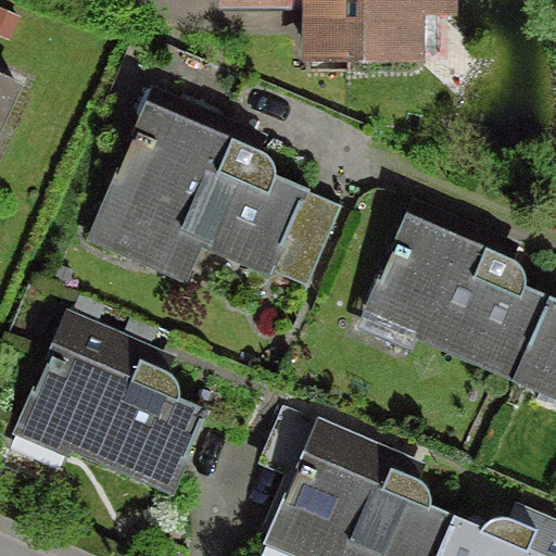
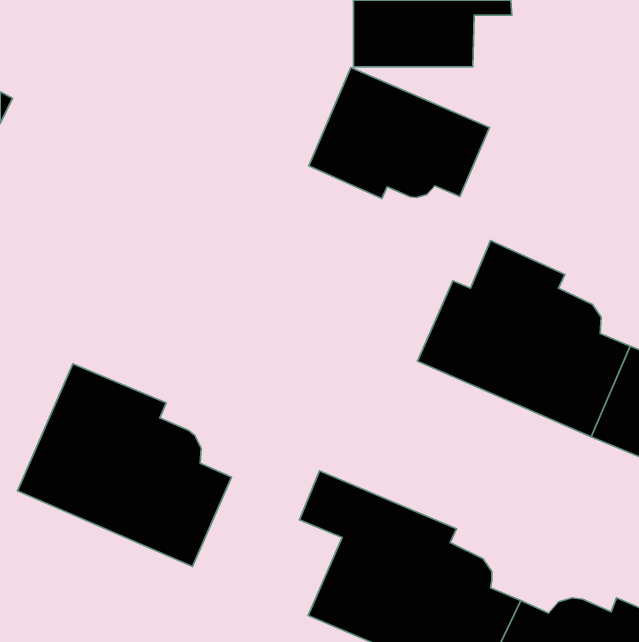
building: none -> [309,68,489,198]
building: [91,98,339,288] -> none

